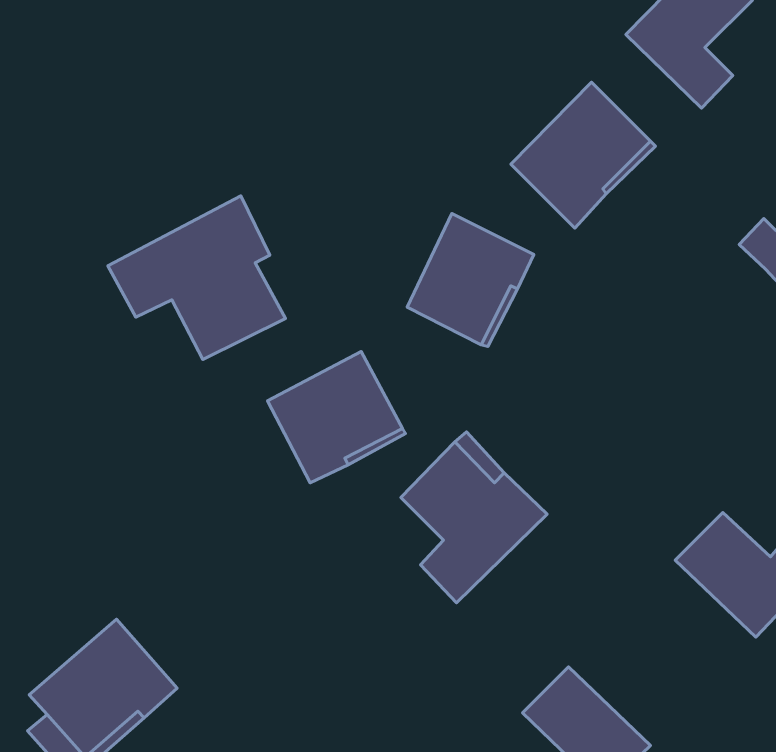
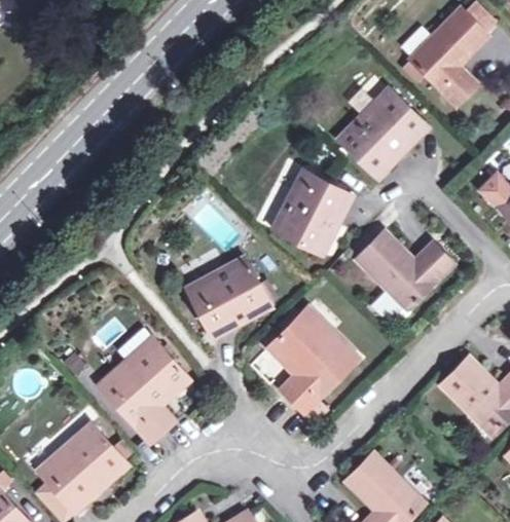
building: [108,196,285,360] -> none
building: none -> [356,230,452,308]
building: none -> [98,329,188,443]

